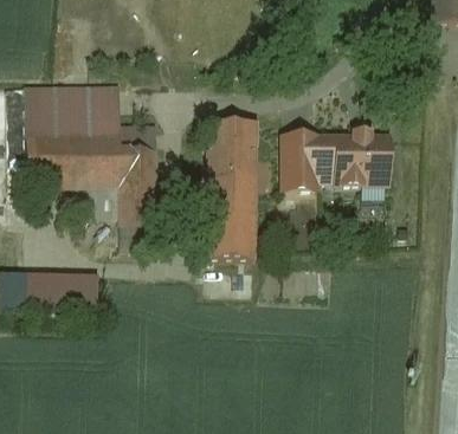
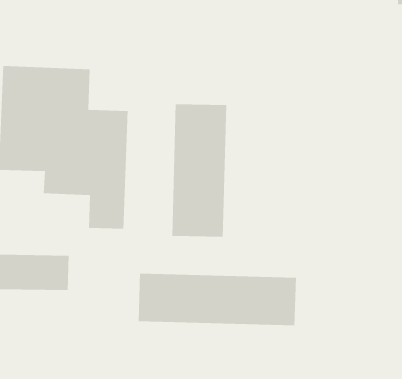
building: [283,127,399,190] -> none
building: none -> [138,273,297,326]

